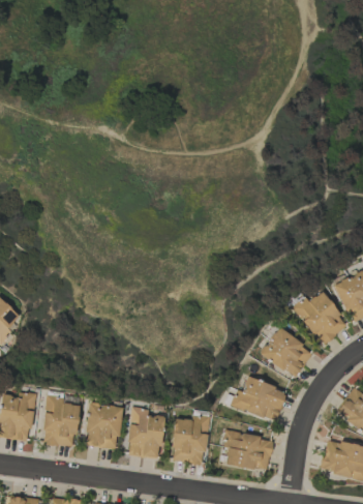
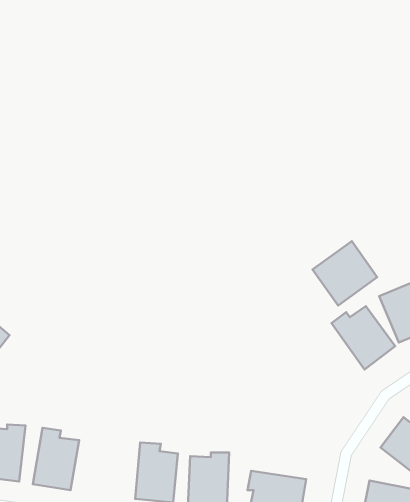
building: none -> [313,241,377,306]
building: [260,327,312,379] -> none
building: [231,377,286,422] -> none
building: [85,404,122,449] -> none

